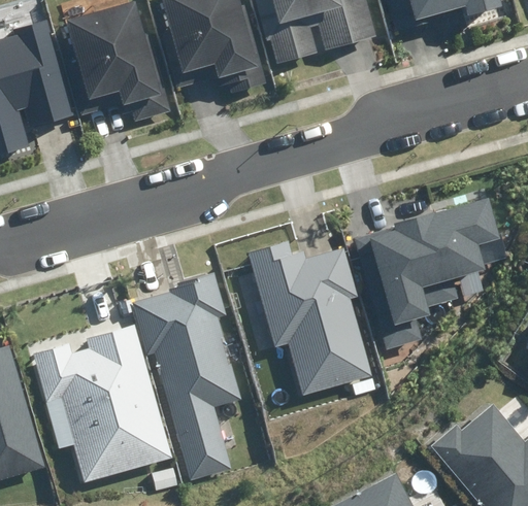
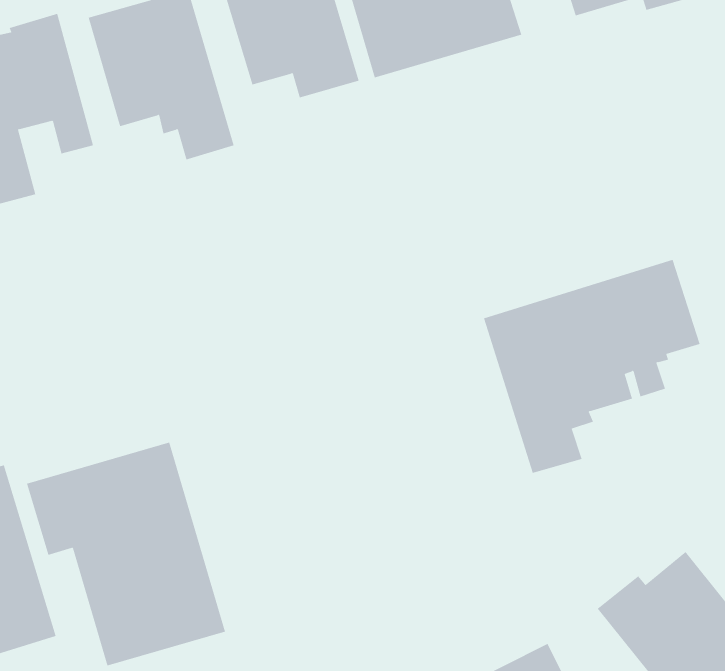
building: [237,242,371,397] -> none
building: [131,271,239,479] -> none

